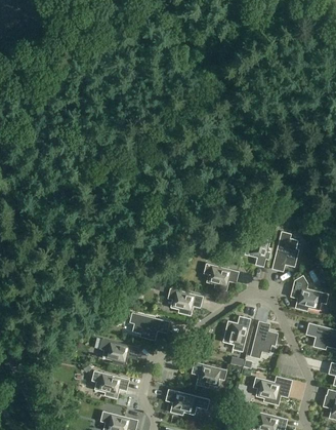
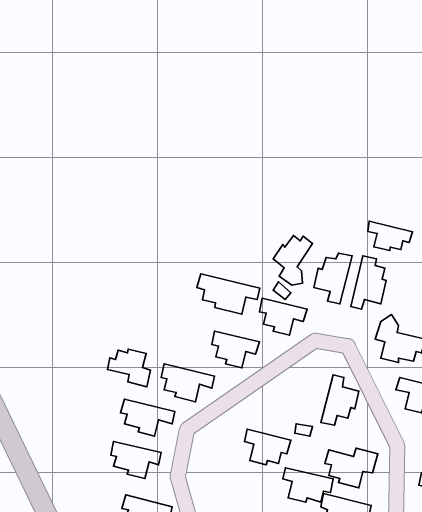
building: none -> [368,221,412,250]
building: none -> [273,236,313,285]
building: none -> [197,274,260,314]
building: none -> [107,349,150,387]
building: [225,316,251,352] -> none
building: [166,389,204,415] -> [283,468,333,502]

